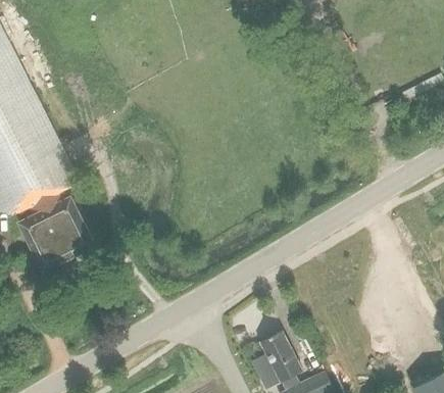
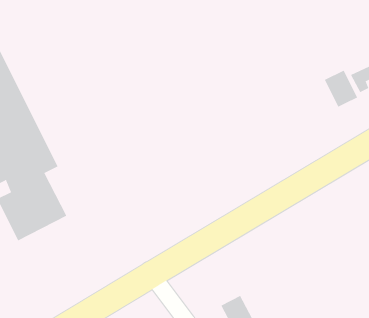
building: none -> [324,70,358,108]

